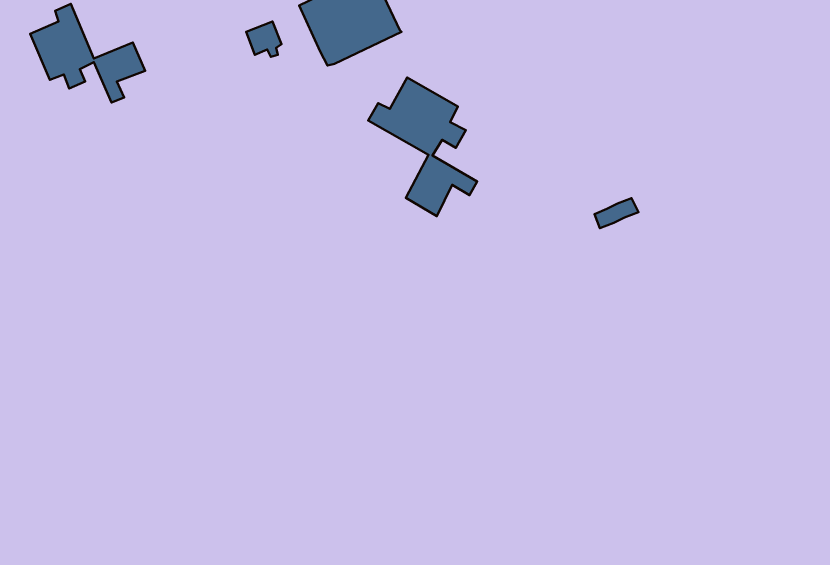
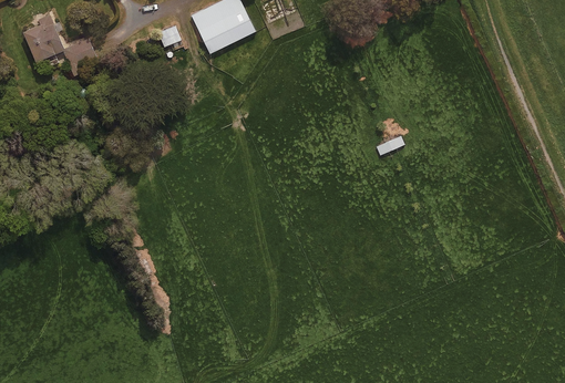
building: [368,78,477,216] -> none

